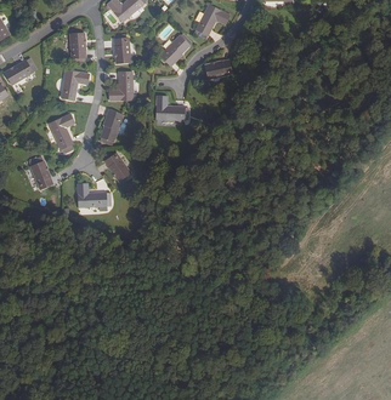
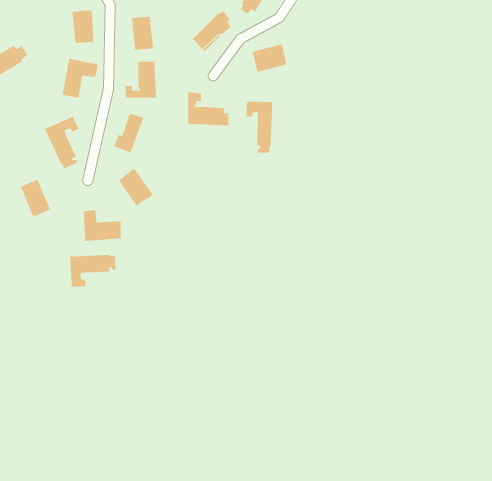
building: none -> [246,101,273,153]
building: none -> [70,254,116,288]

